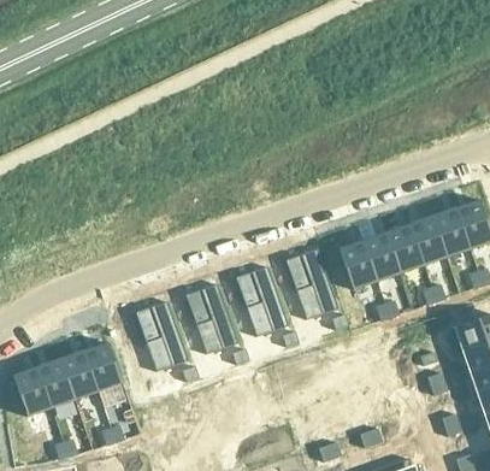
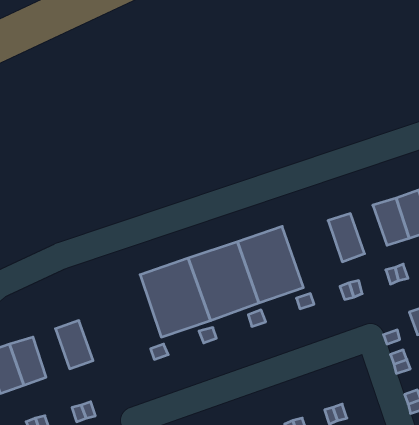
building: [385,224,423,273] -> none
building: [338,240,377,290] -> none
building: [132,295,191,372] -> none
building: [60,351,98,400] -> none

